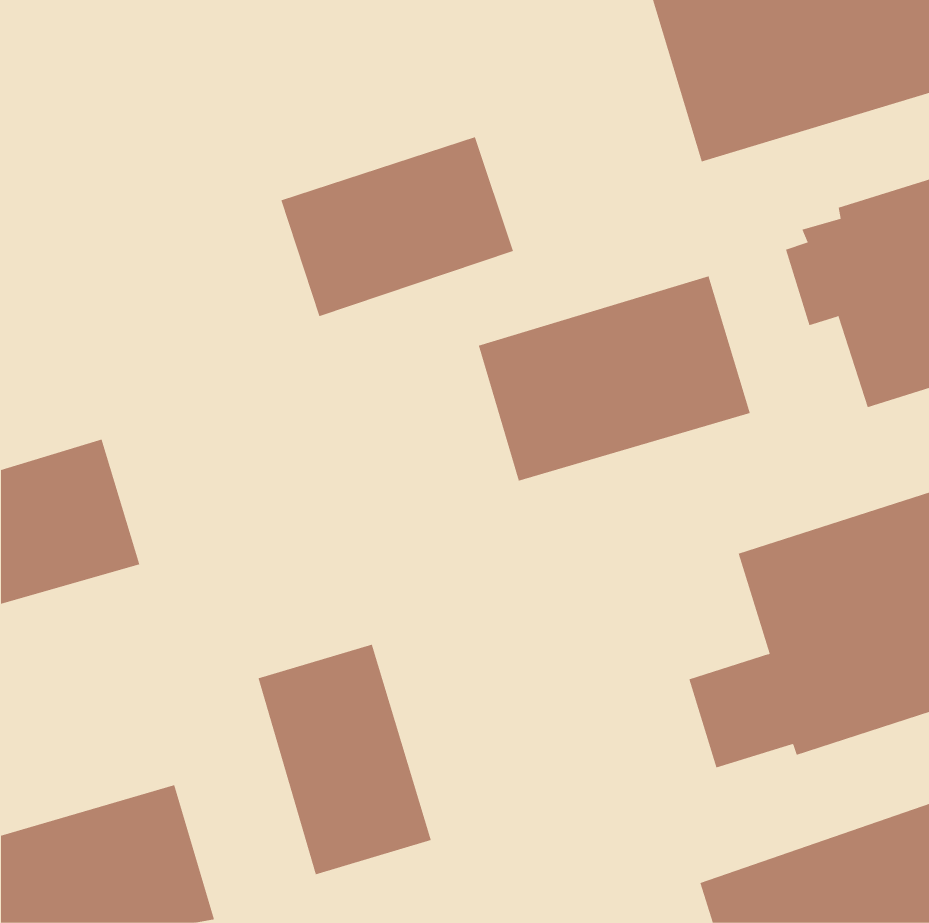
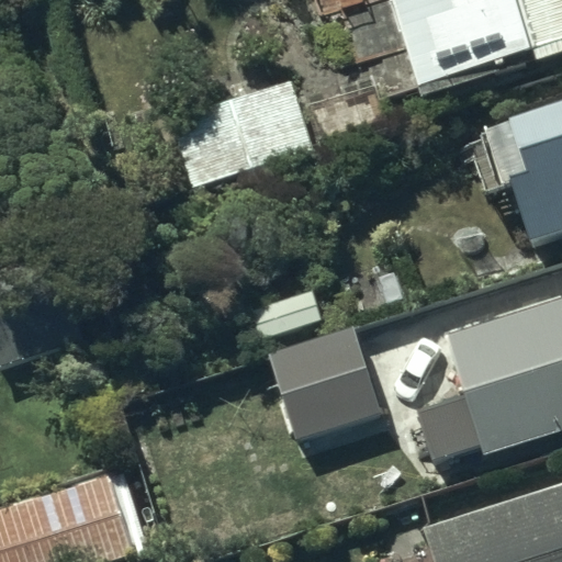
building: [478,275,750,481] -> none
building: none -> [265,325,383,442]
building: [258,644,432,875] -> none

